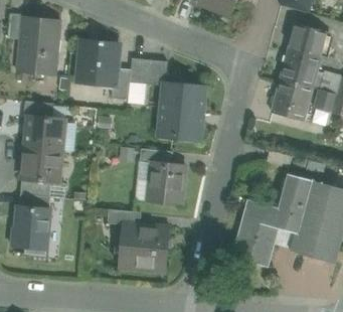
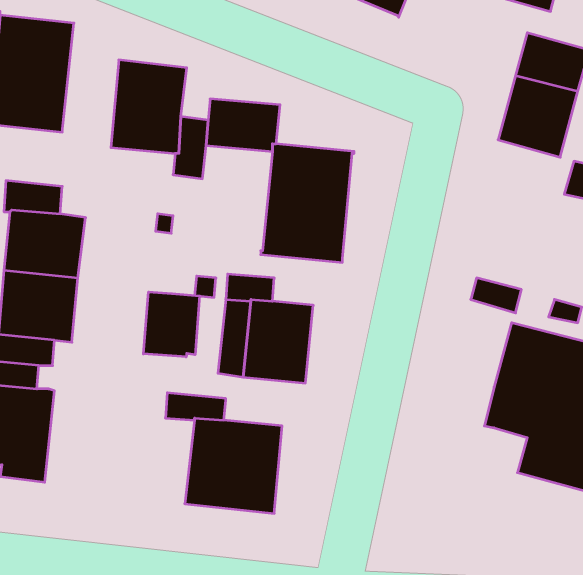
building: [271,80,312,120] -> none
building: none -> [143,292,200,357]
building: [231,199,278,268] -> none

